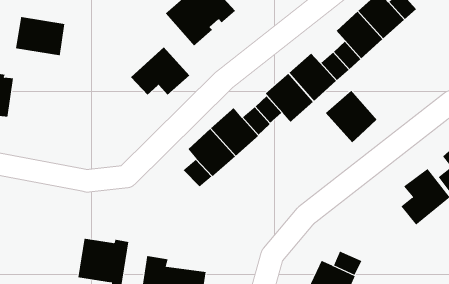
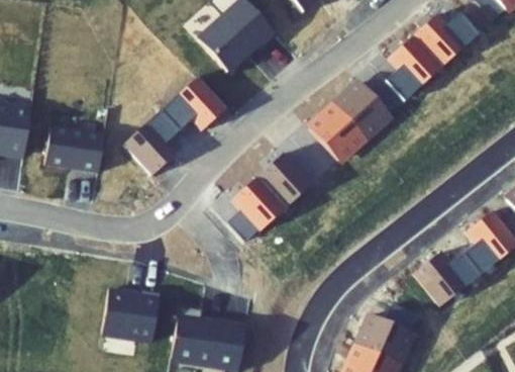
building: [15,17,65,56] -> [46,130,102,174]
building: none -> [124,110,180,175]
building: [325,90,378,143] -> none
building: none -> [411,253,478,306]

